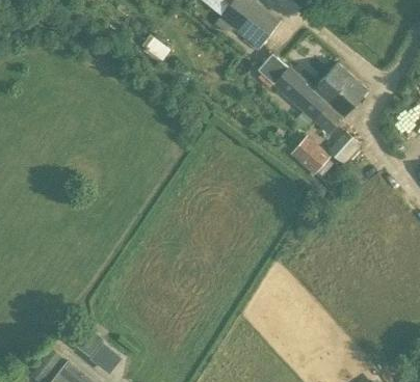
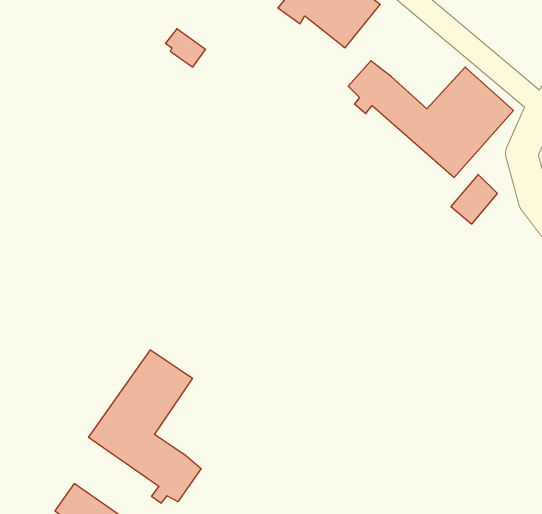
building: [293,138,330,174] -> none
building: none -> [89,350,201,503]

